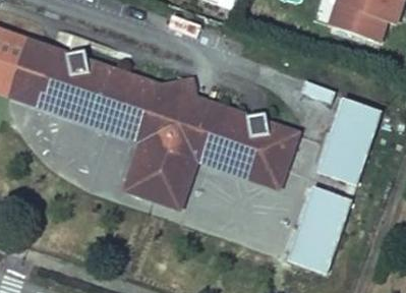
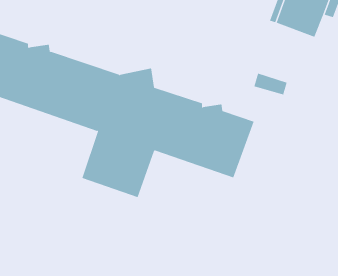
building: [320,100,382,185] -> none
building: [290,186,352,273] -> none

